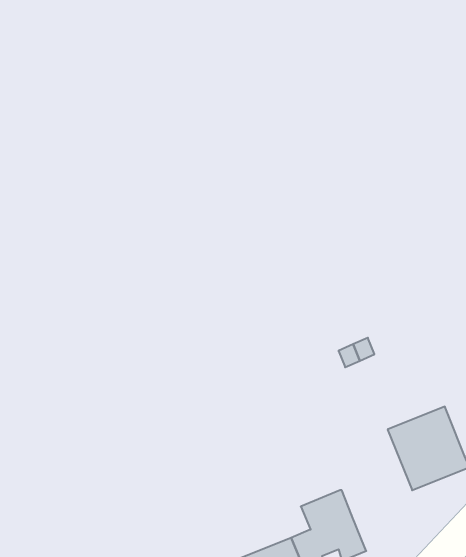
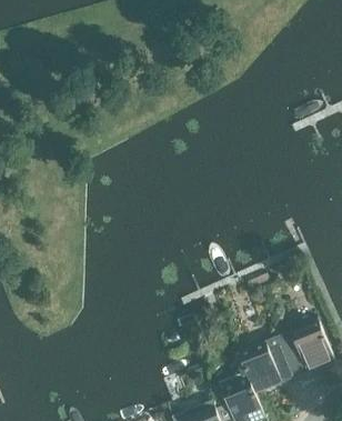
building: none -> [239,333,298,391]

